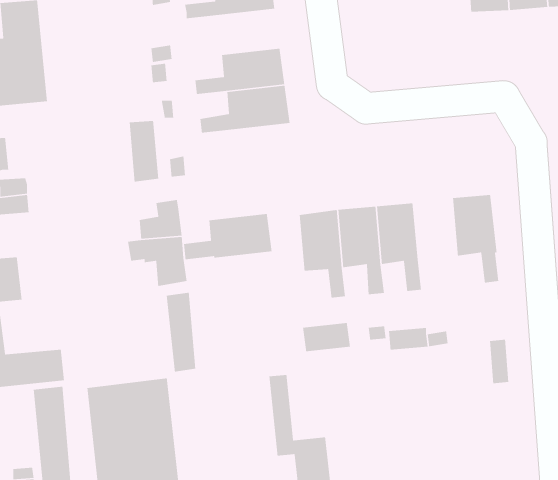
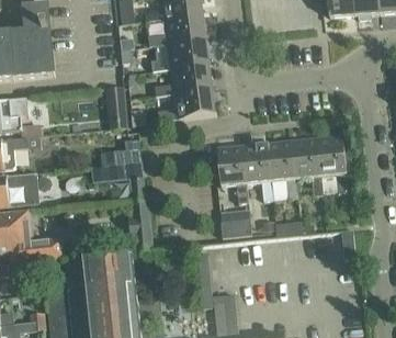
building: none -> [145,13,204,45]
building: none -> [291,136,321,194]
building: [183,213,272,260] -> [156,88,214,119]

